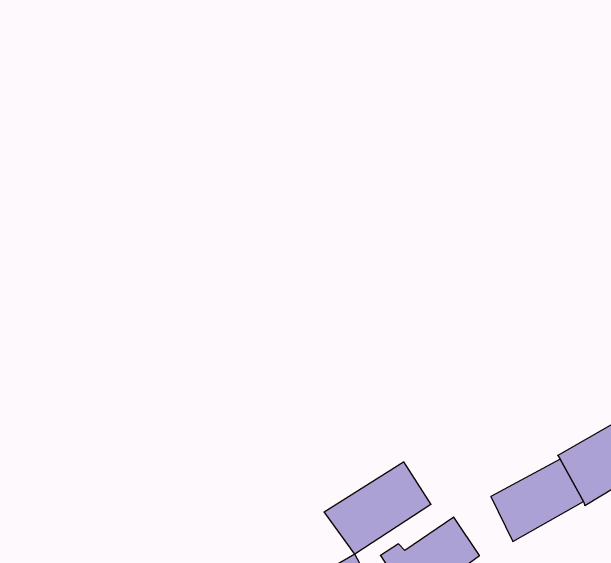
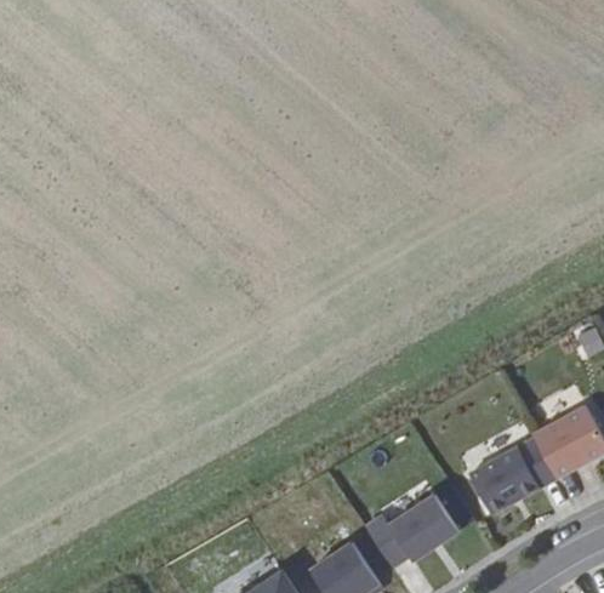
building: [324,462,431,554] -> none

